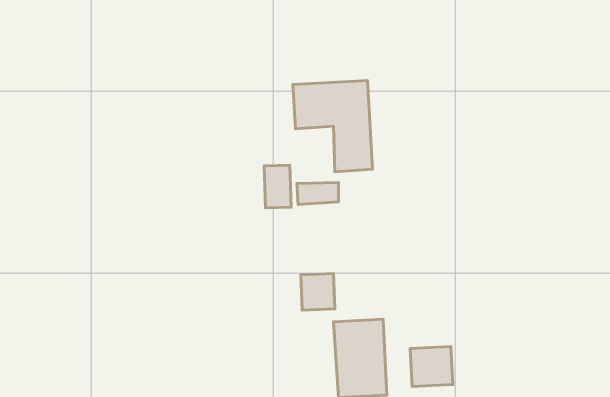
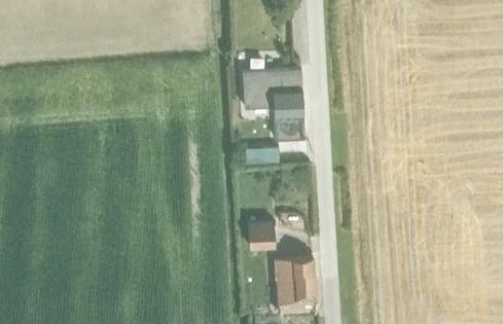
building: [264,165,291,208] -> none
building: [410,346,453,387] -> none

